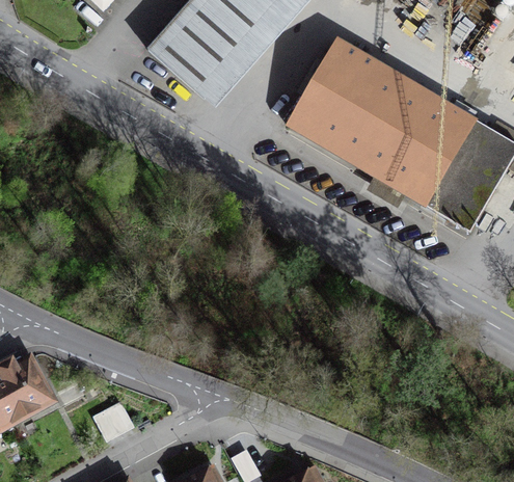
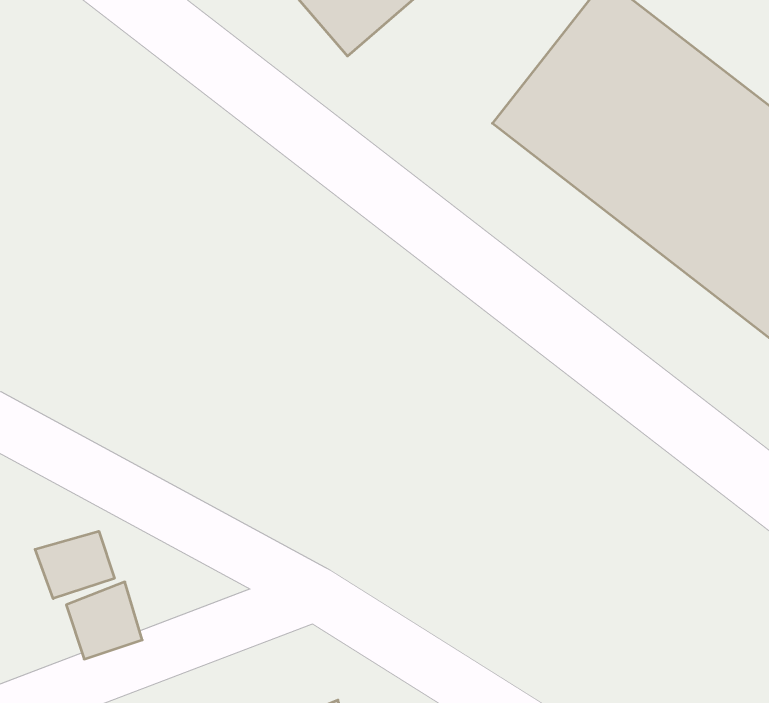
building: none -> [35,531,114,599]

